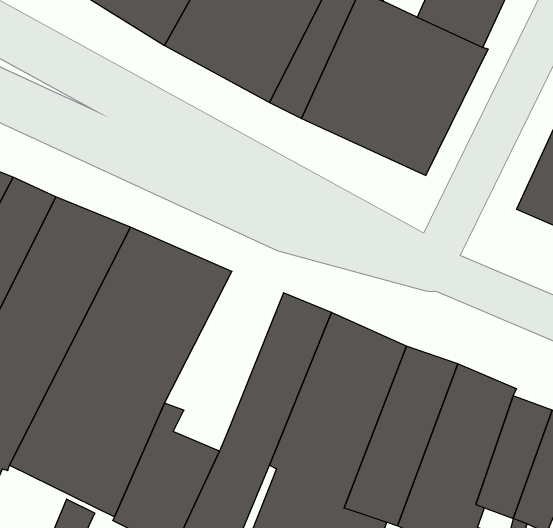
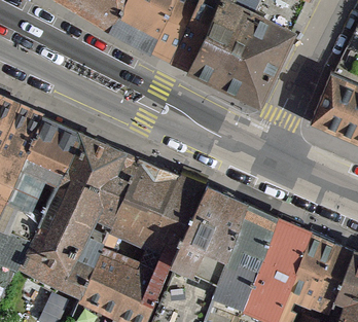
building: none -> [108,160,177,252]

